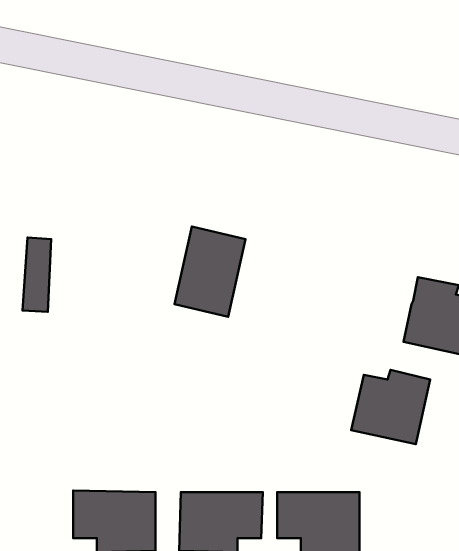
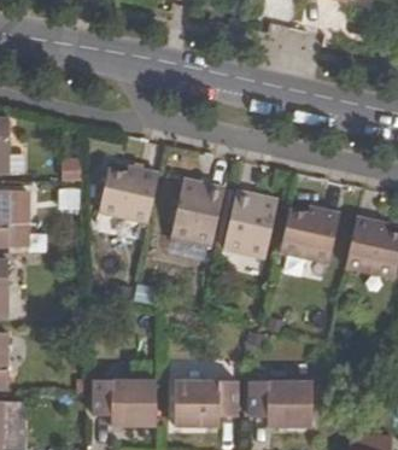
building: none -> [98,165,158,222]
building: none -> [223,189,277,257]
building: [351,370,430,444] -> [279,205,339,262]

